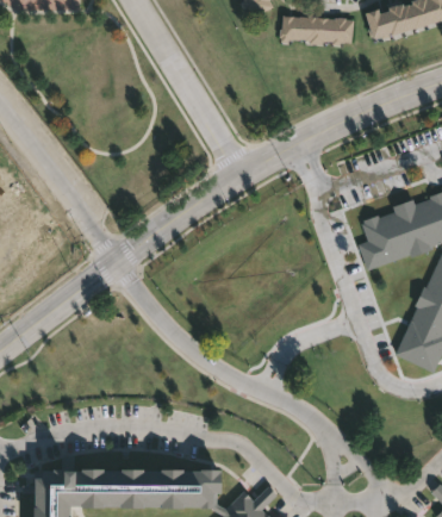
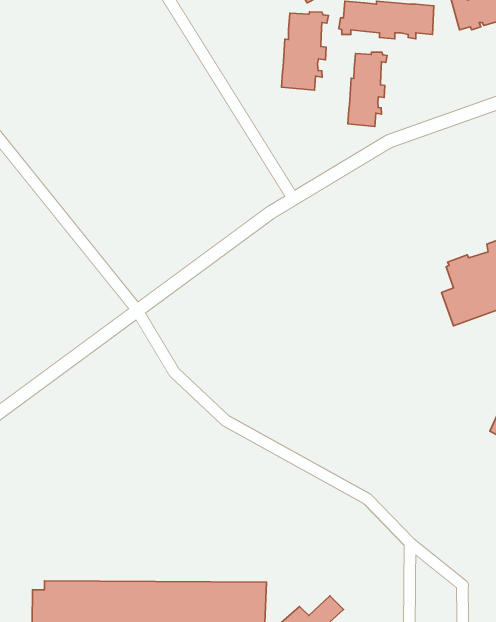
building: none -> [281,12,328,90]
building: none -> [348,52,387,126]

